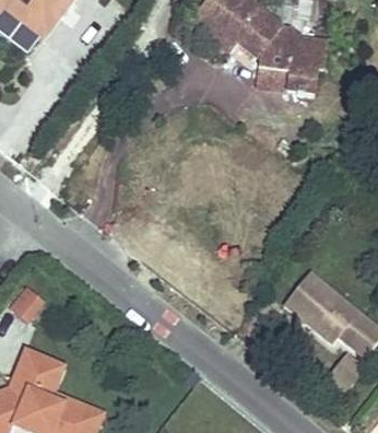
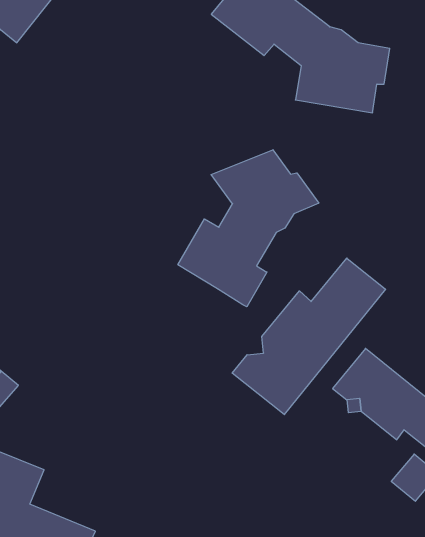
building: none -> [178,150,319,307]
building: none -> [232,258,386,415]

